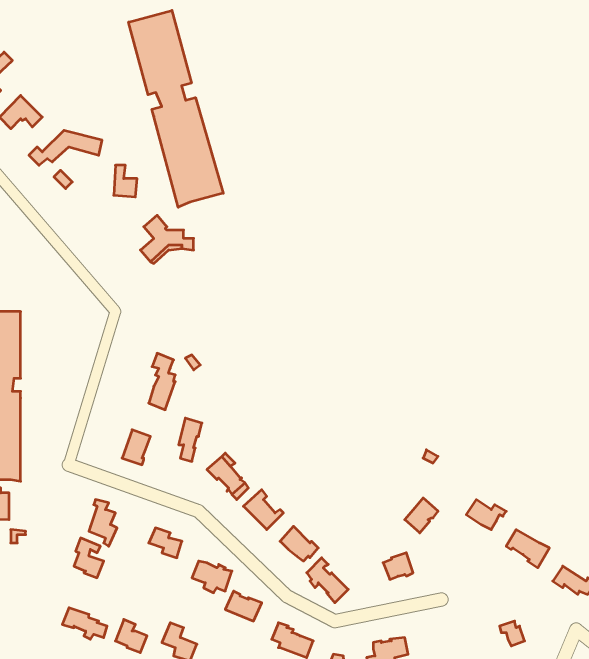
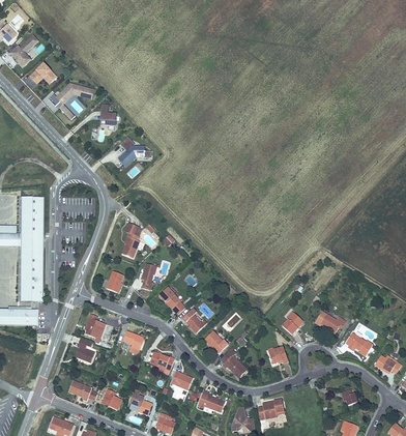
building: [129,10,223,207] -> none

